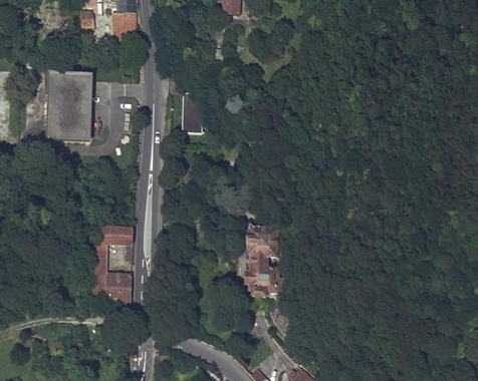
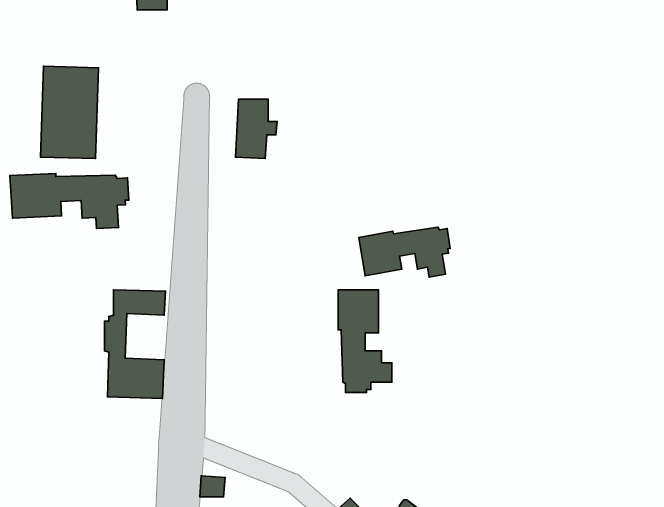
building: none -> [10,173,129,228]
building: none -> [359,227,450,277]

